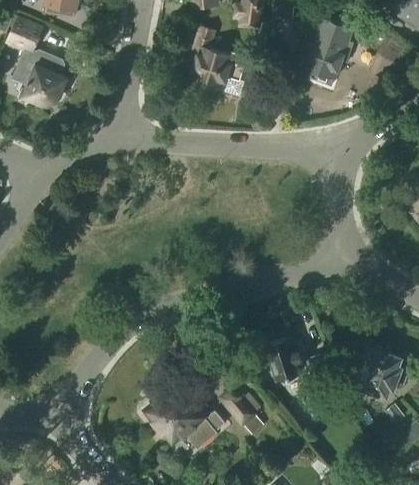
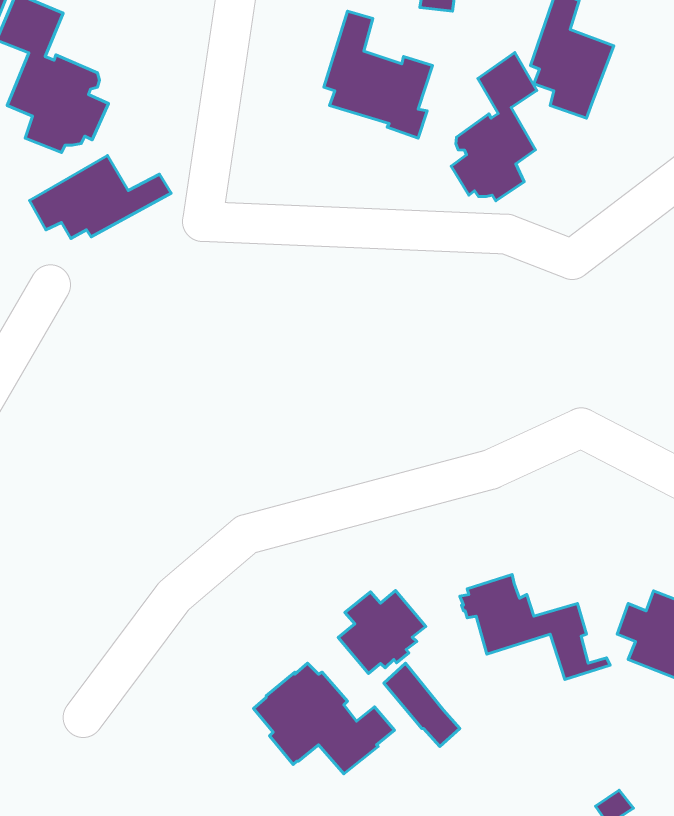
building: none -> [451,53,537,201]
building: none -> [30,155,171,239]
building: none -> [338,590,426,674]

